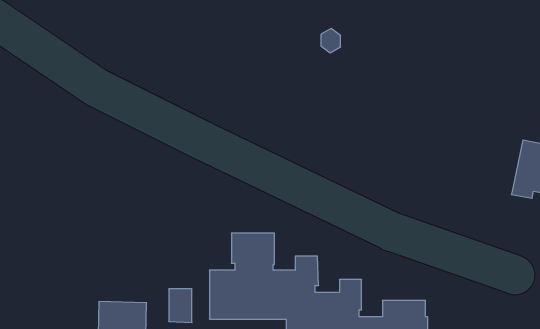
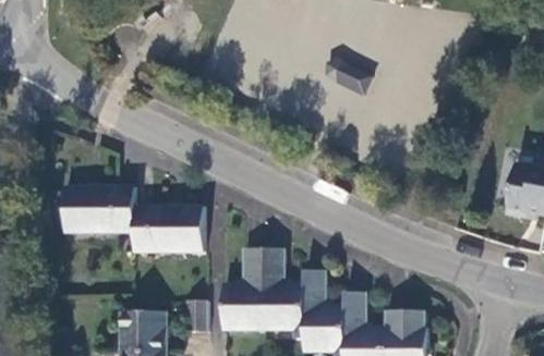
building: none -> [61,187,201,253]

